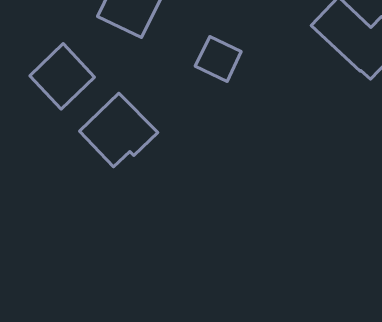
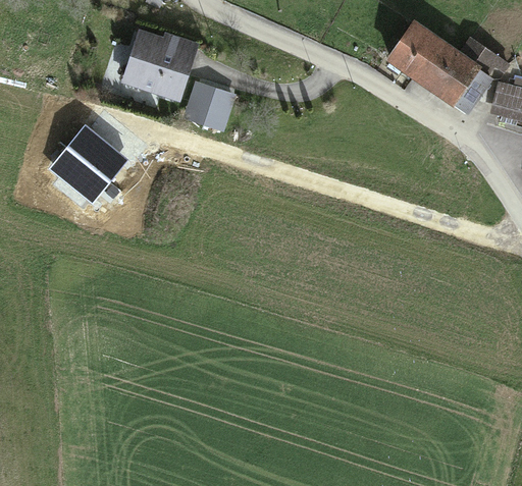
building: [195,37,241,81] -> [181,80,236,132]
building: [79,93,158,167] -> none

